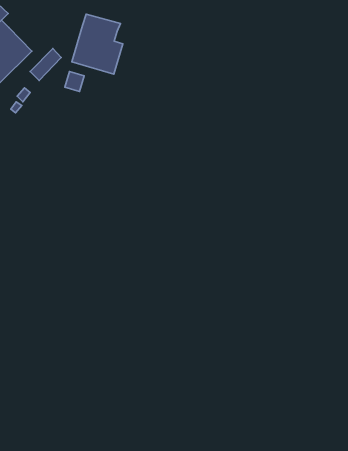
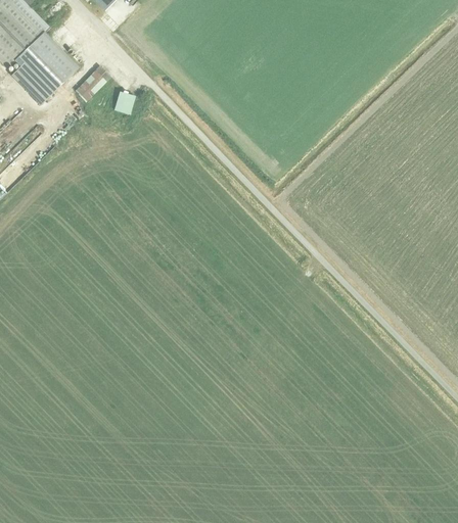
building: [72,14,123,74] -> none

